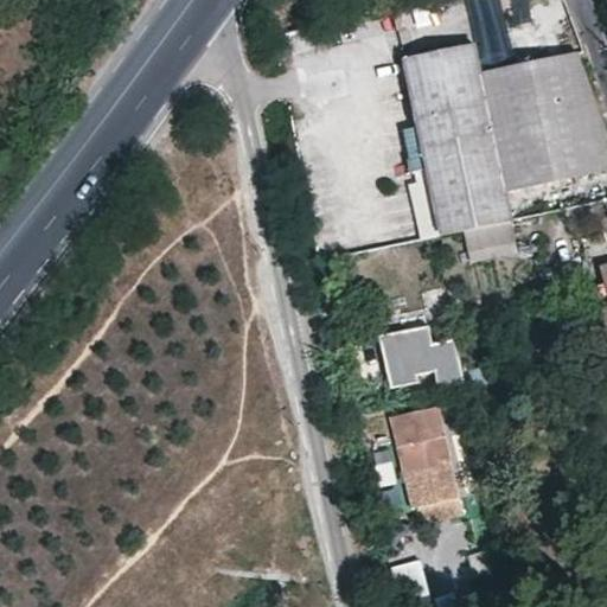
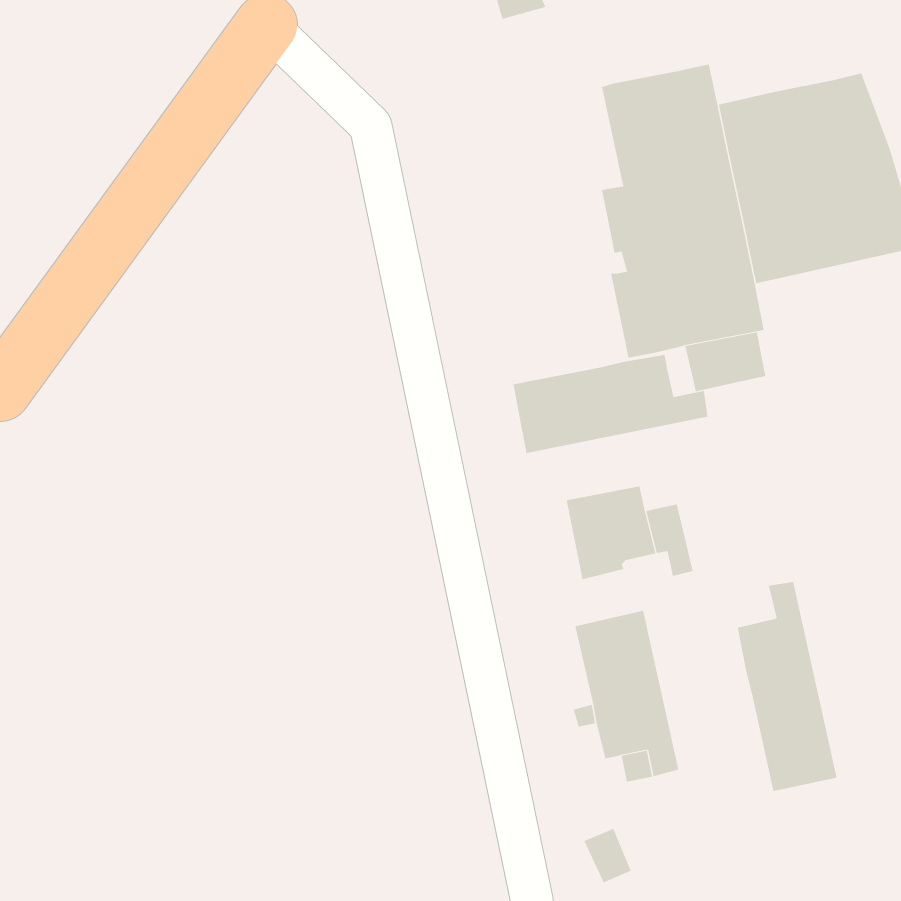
building: none -> [513,354,708,454]
building: none -> [737,581,837,792]

